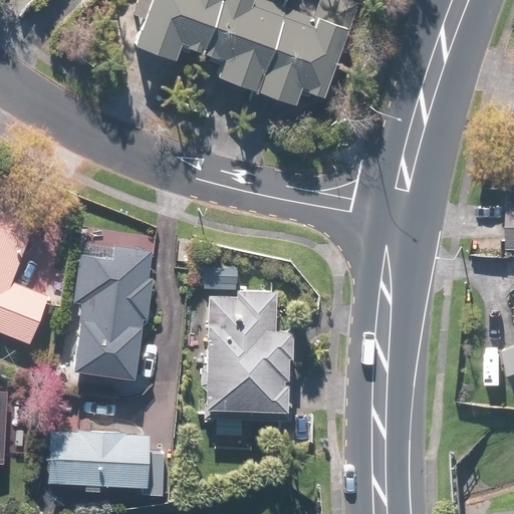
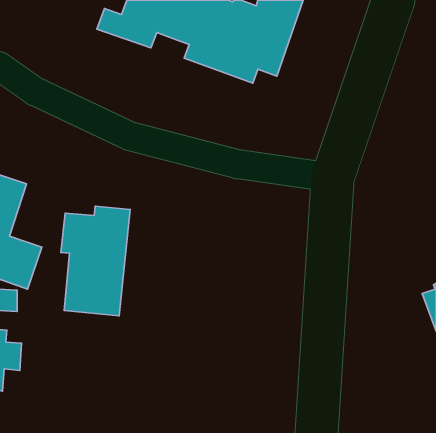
building: [203,284,292,439] -> none
building: [46,430,165,500] -> none

